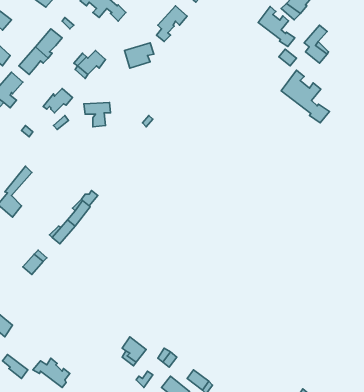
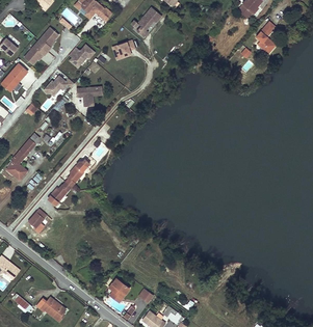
building: [258,7,295,47] -> none
building: [281,70,329,123] -> none

